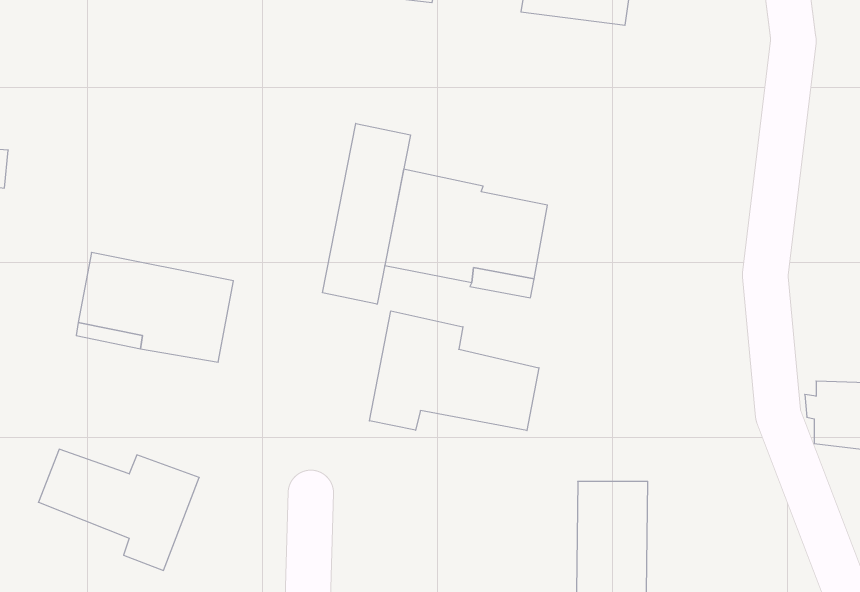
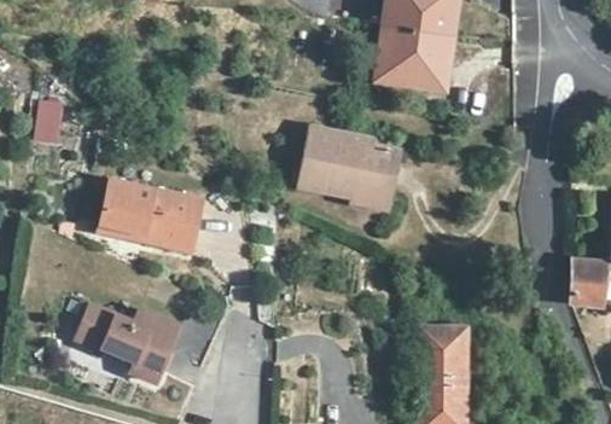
building: none -> [377,25,452,88]
building: [323,123,410,304] -> none
building: [369,311,539,431] -> none

